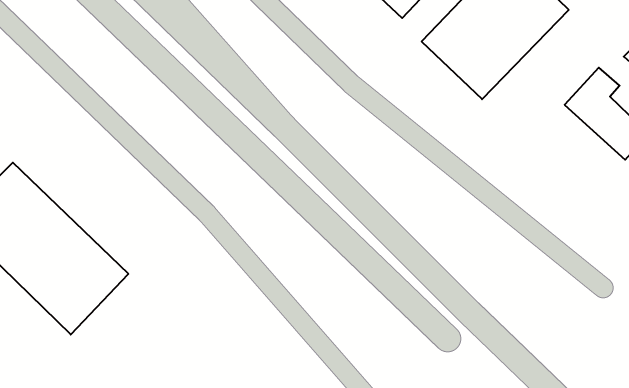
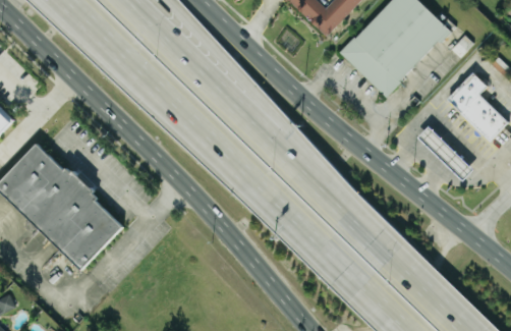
building: none -> [418,125,474,180]

